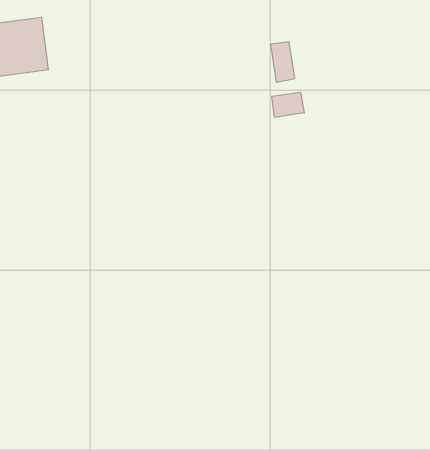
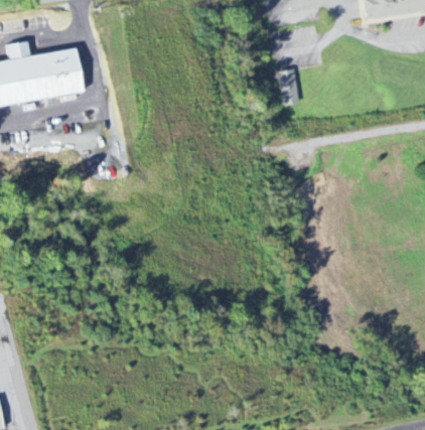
building: [272,92,304,117] -> none

